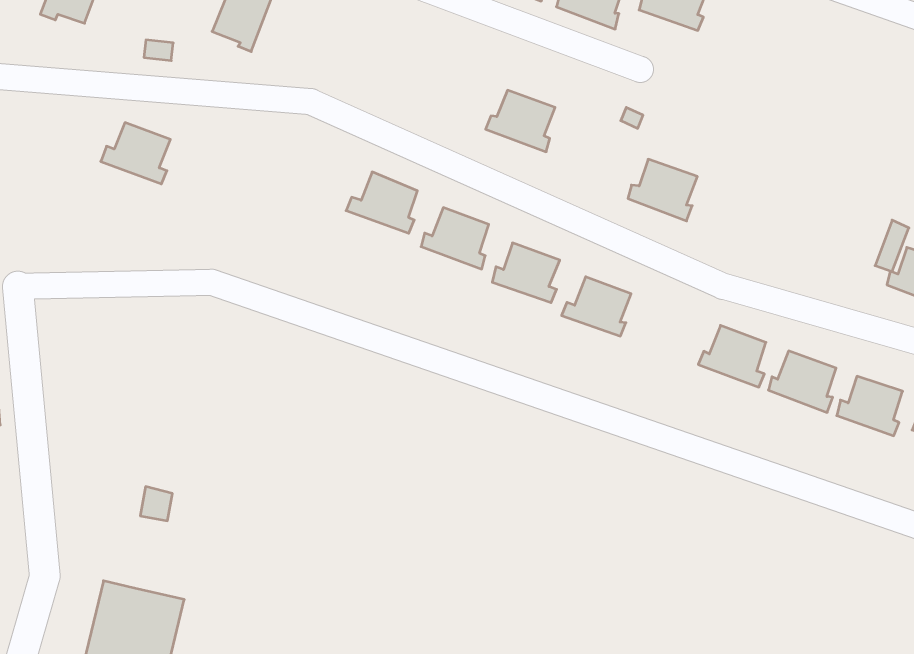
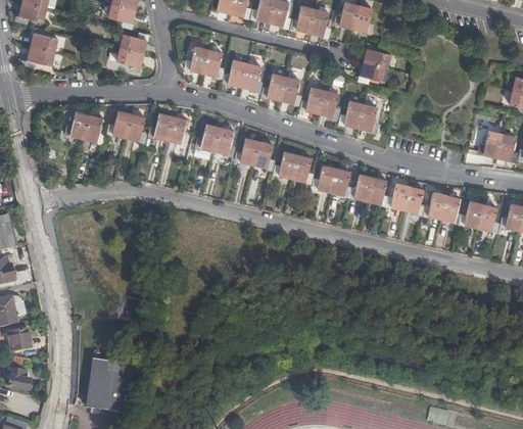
building: none -> [187,48,221,77]
building: none -> [225,61,258,91]
building: none -> [360,47,388,81]
building: none -> [302,88,336,117]
building: none -> [108,111,143,142]
building: none -> [150,114,185,144]
building: none -> [350,175,385,204]

